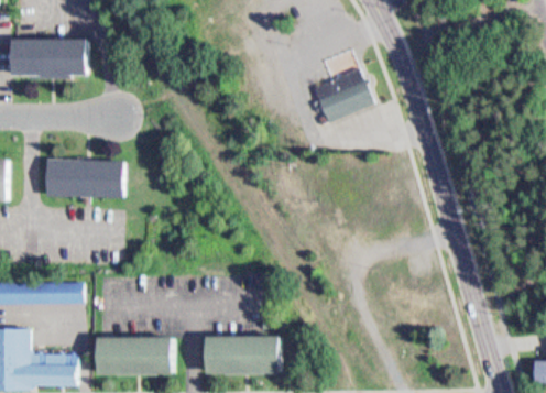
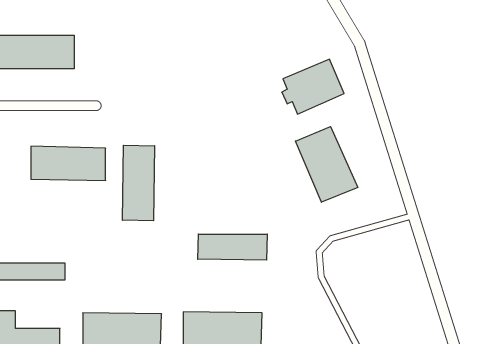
building: none -> [295,127,358,202]
building: none -> [122,145,155,221]
building: none -> [198,234,267,260]

